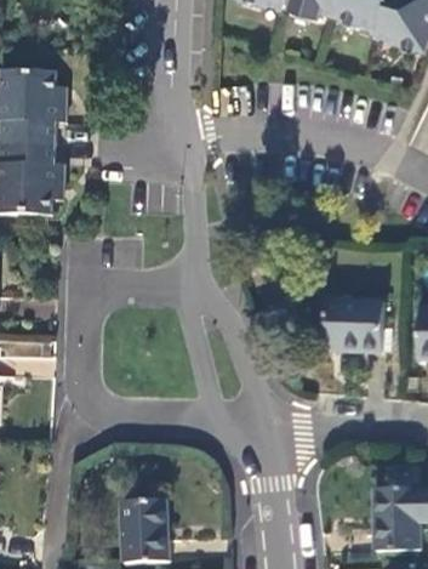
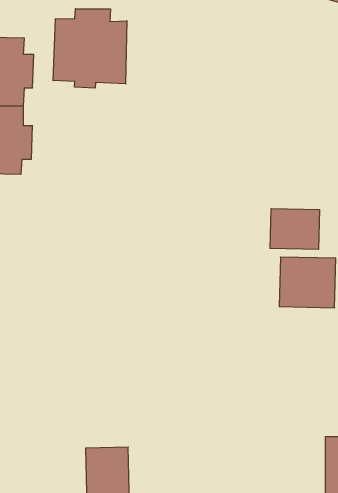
building: none -> [53,9,127,88]
building: none -> [270,209,319,249]

